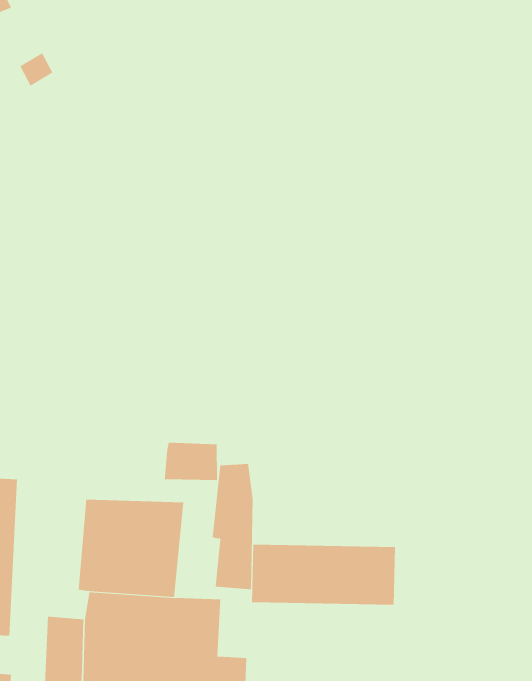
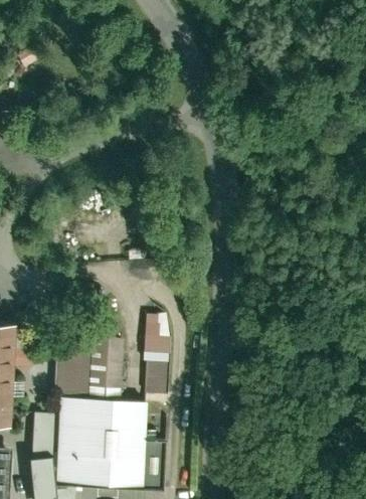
building: [164,442,217,481] -> none
building: [252,544,395,605] -> none

